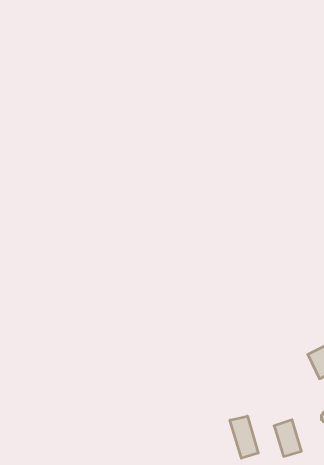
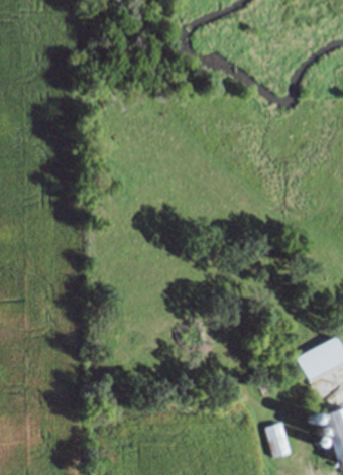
building: [230,416,258,458] -> none

